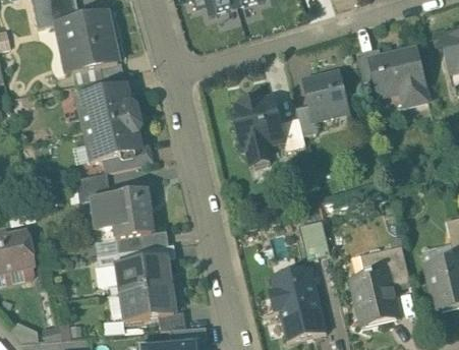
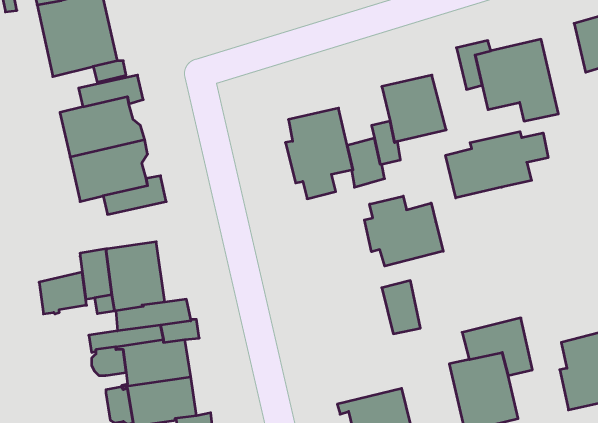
building: none -> [446,132,548,198]
building: none -> [364,196,443,266]
building: [76,173,110,202] -> [39,272,87,314]
building: [270,267,319,306] -> none

